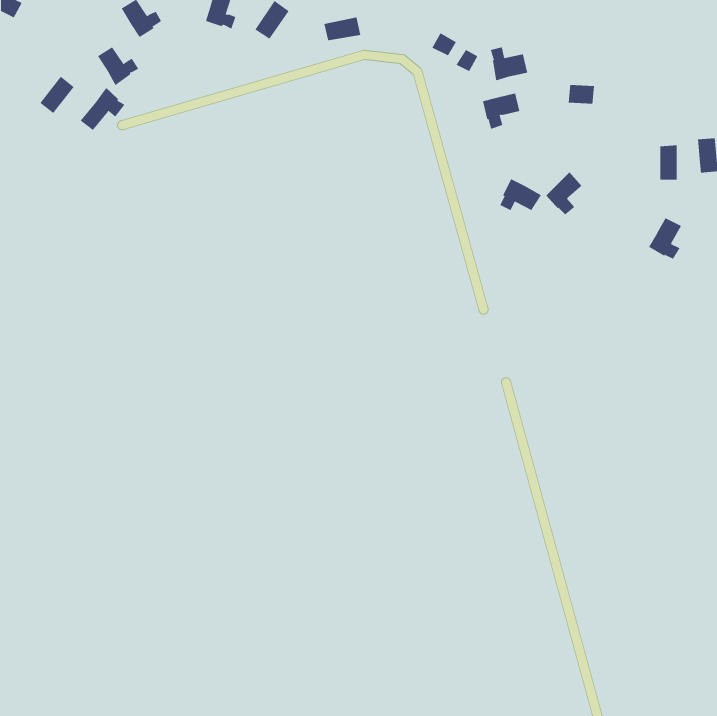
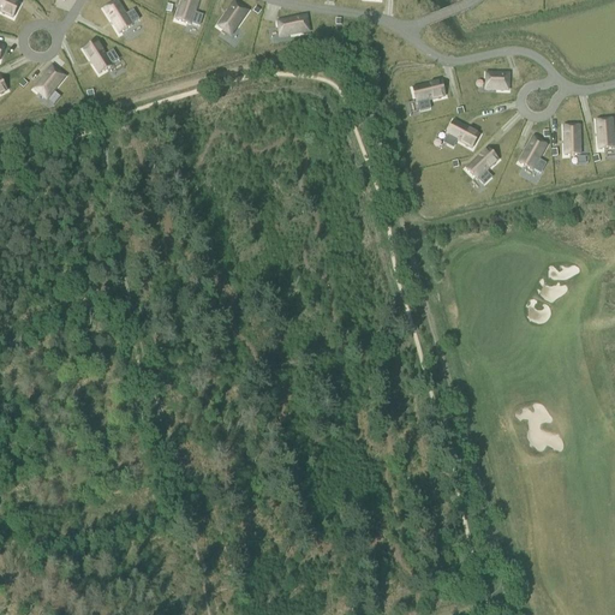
building: [490,47,528,81] -> none
building: [80,87,125,131] -> none
building: [500,178,542,211] -> [444,119,480,147]
building: [648,217,682,260] -> [519,136,548,172]

